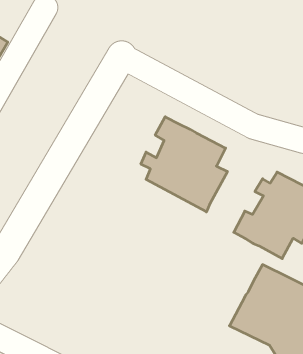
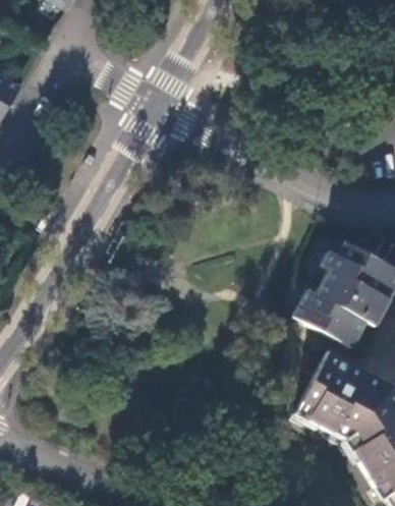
building: [141,117,227,212] -> none

